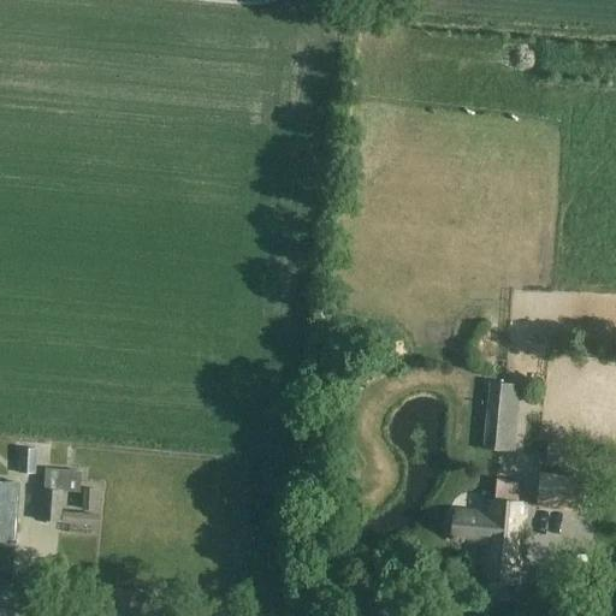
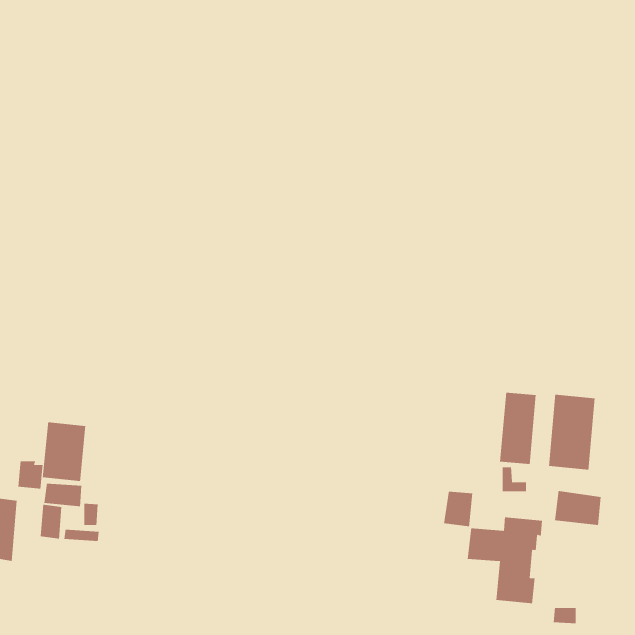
building: none -> [548,394,595,471]
building: none -> [42,421,86,482]
building: none -> [444,491,473,527]

